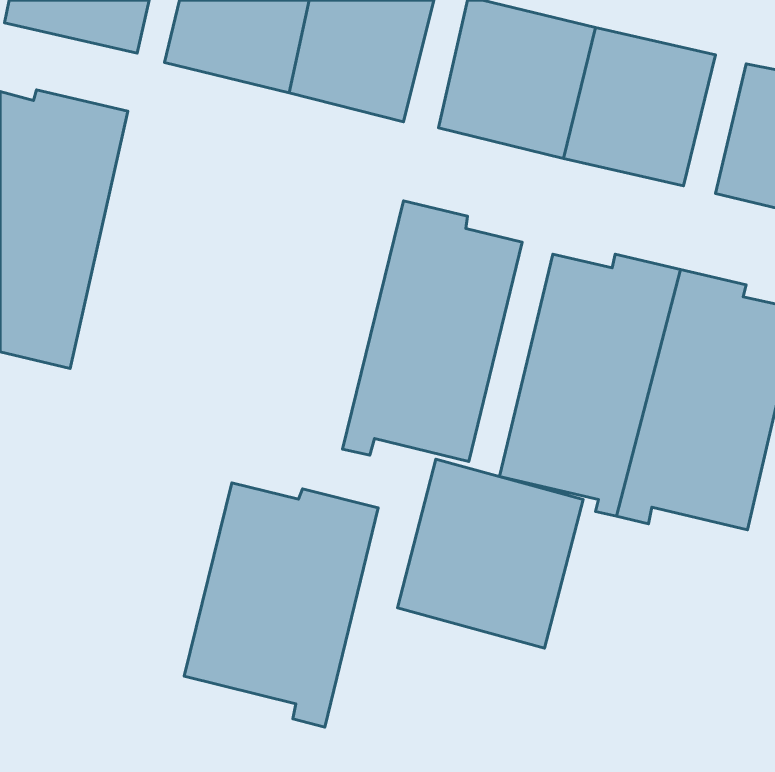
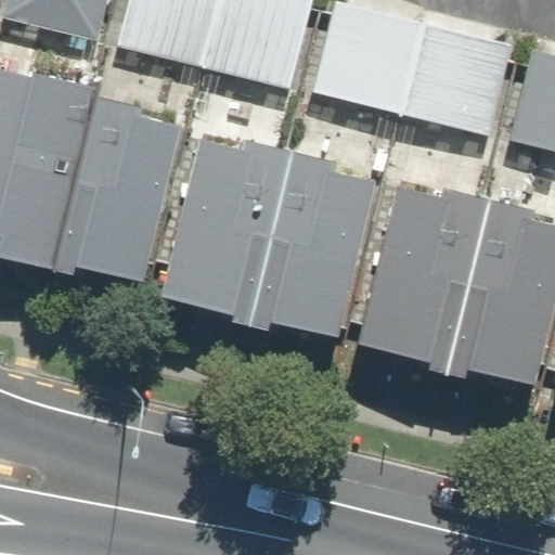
building: none -> [52,83,179,281]
building: none -> [159,137,289,324]
building: [397,459,583,648] -> none
building: [184,483,378,727] -> none

